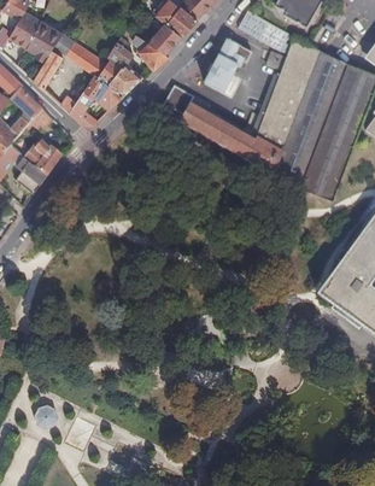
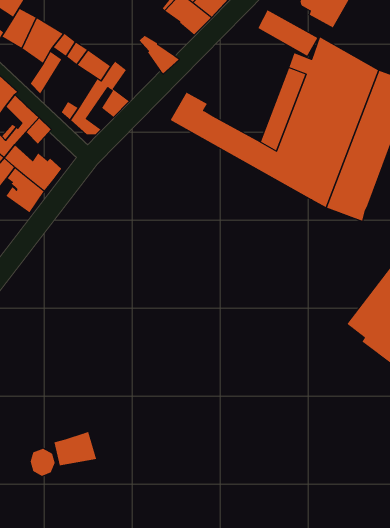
building: [148,23,181,54] -> none
building: [107,35,141,94] -> none
building: [204,40,251,93] -> none
building: none -> [54,431,97,466]

